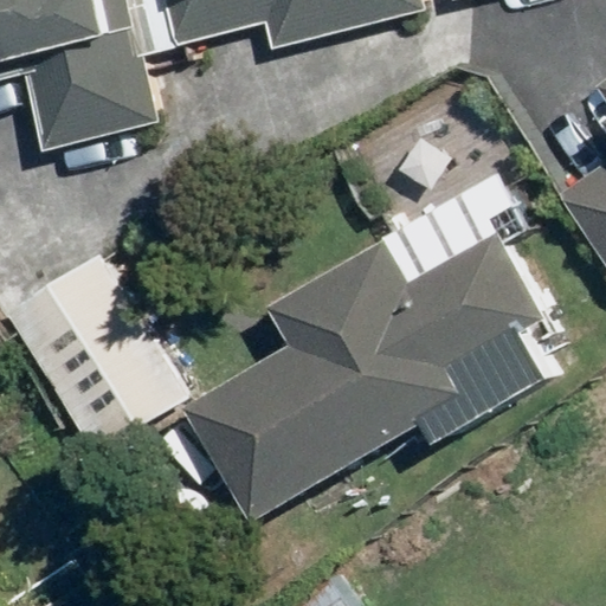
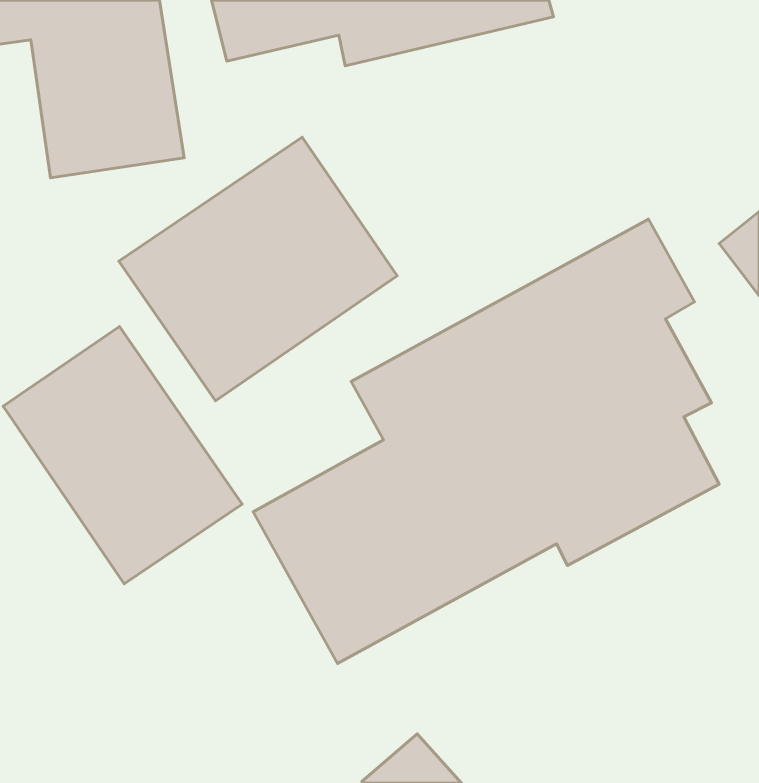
building: none -> [119,137,397,401]

